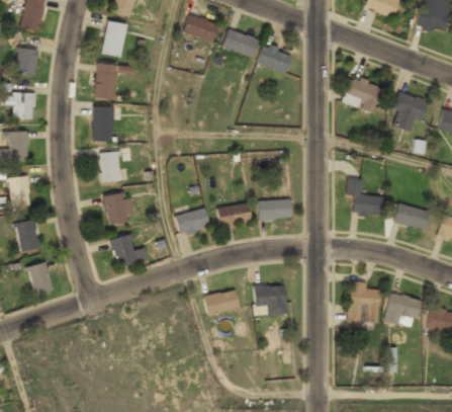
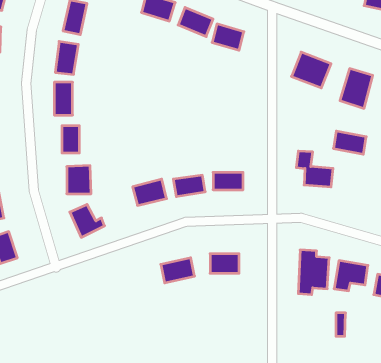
building: [394,204,429,229] -> [333,131,366,154]

